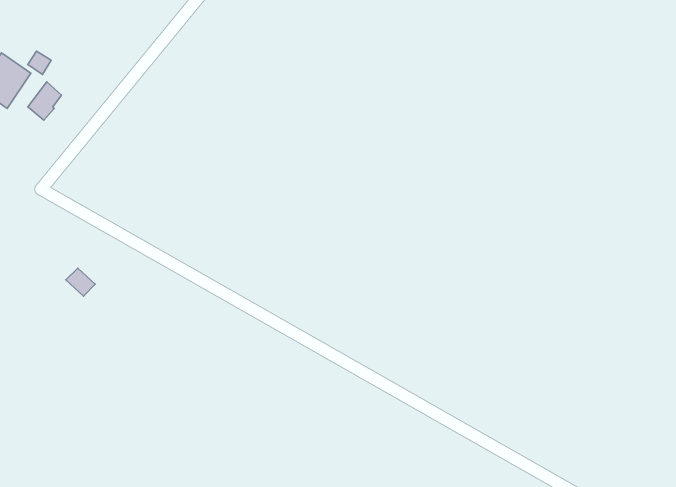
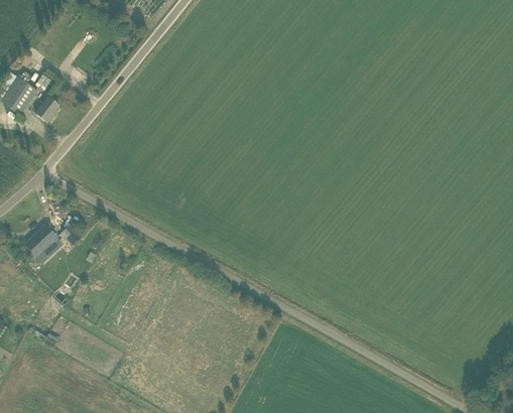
building: none -> [23,225,55,256]

